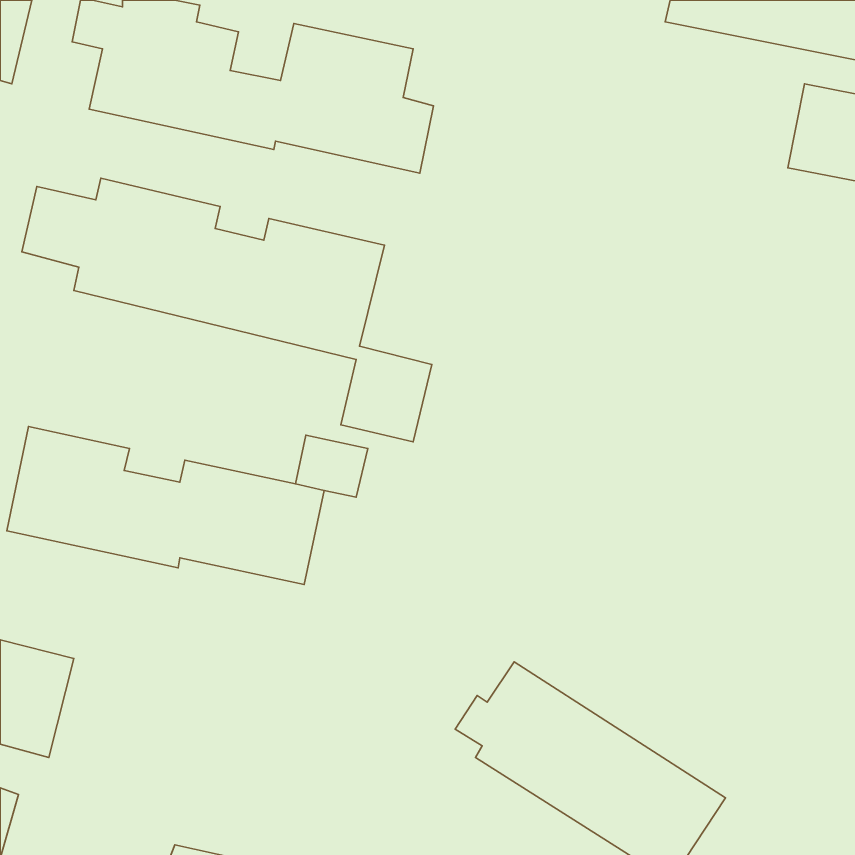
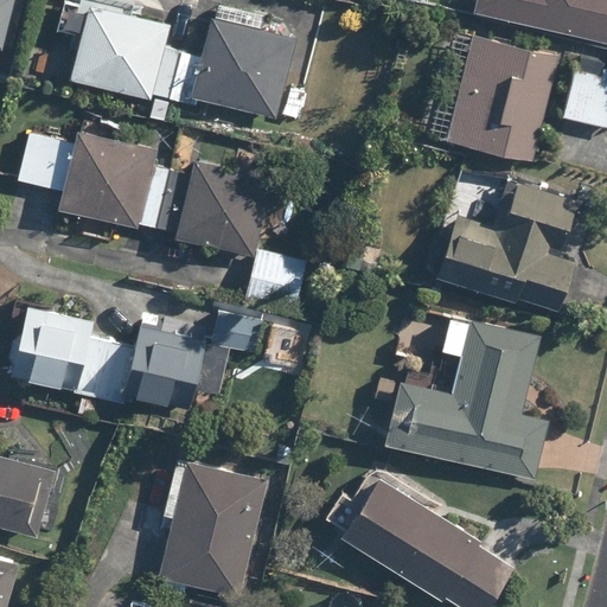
building: none -> [445,34,558,161]
building: none -> [433,177,579,313]
building: none -> [382,306,550,480]
building: none -> [158,461,267,595]

